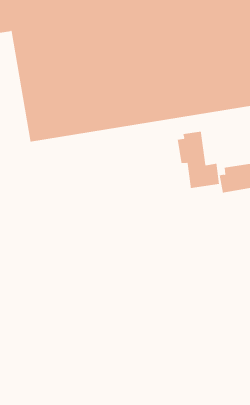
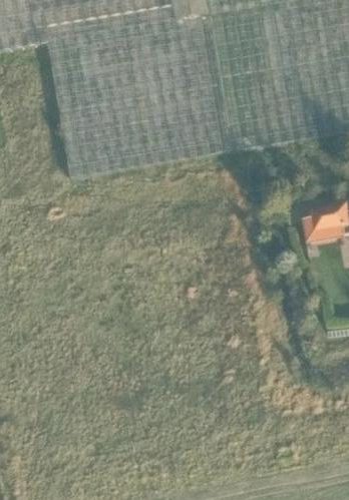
building: [177,131,220,189] -> none

